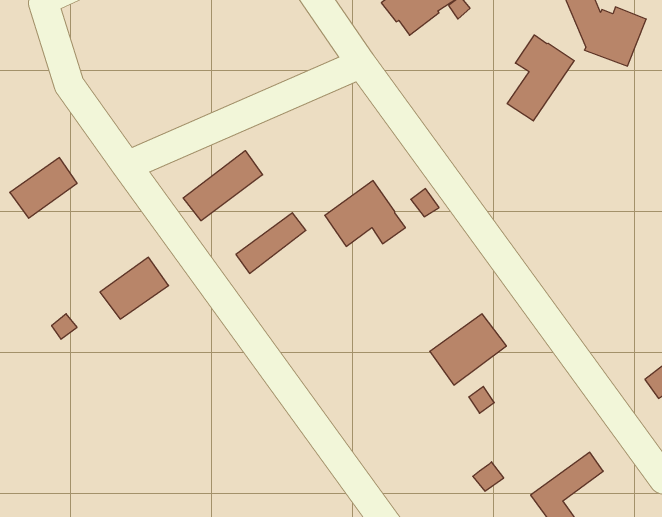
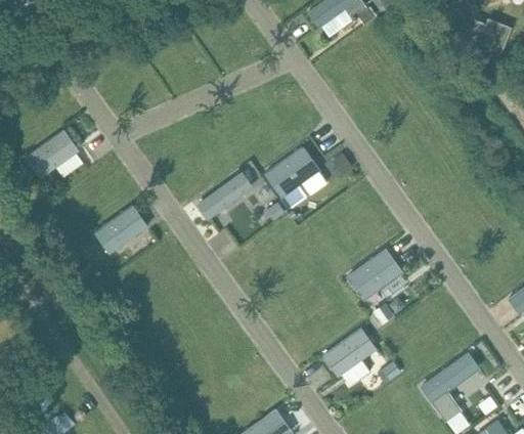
building: [507,35,574,121] -> none
building: [183,151,263,221] -> none
building: none -> [324,329,378,385]

